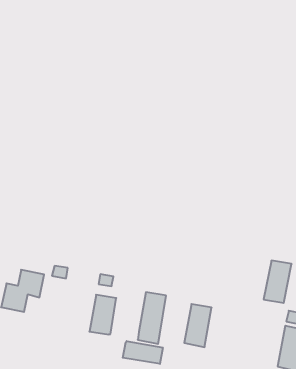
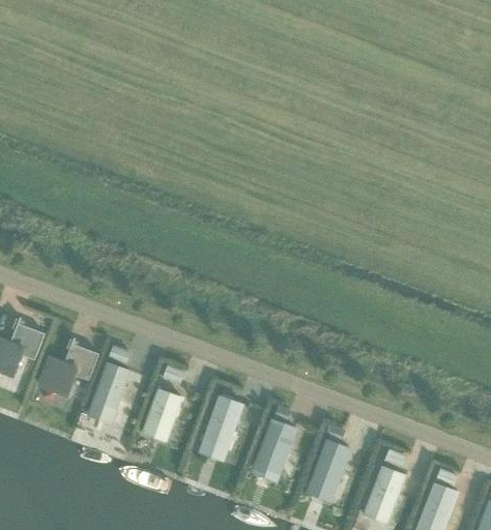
building: [264,261,292,303] -> [308,441,349,495]
building: none -> [87,362,128,421]
building: [123,341,163,364] -> none

